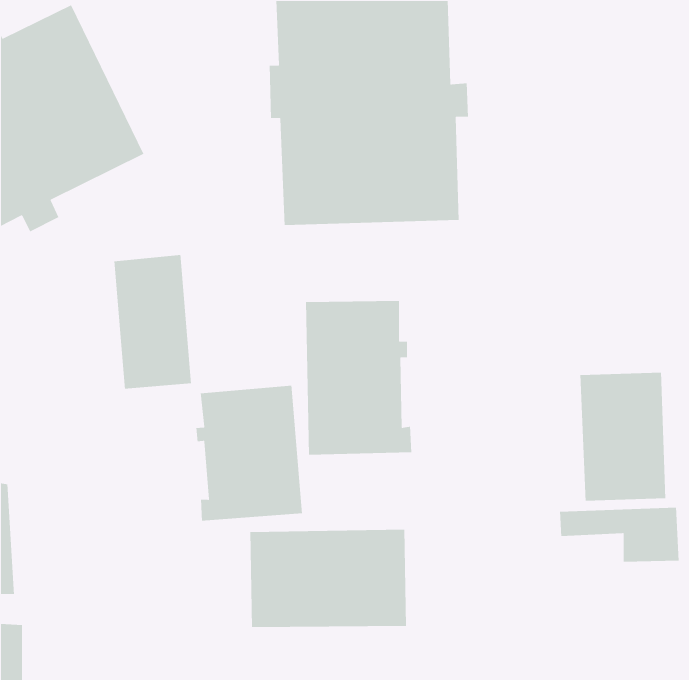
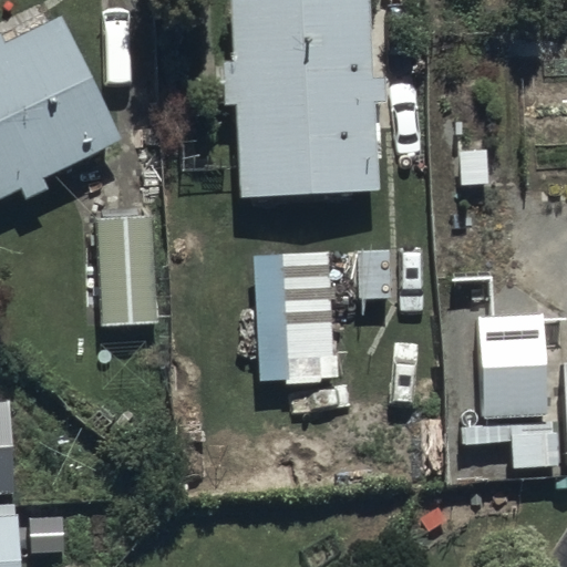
building: [195,385,303,522] -> none
building: [250,529,407,628] -> none

